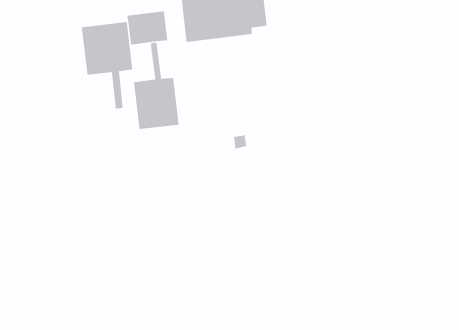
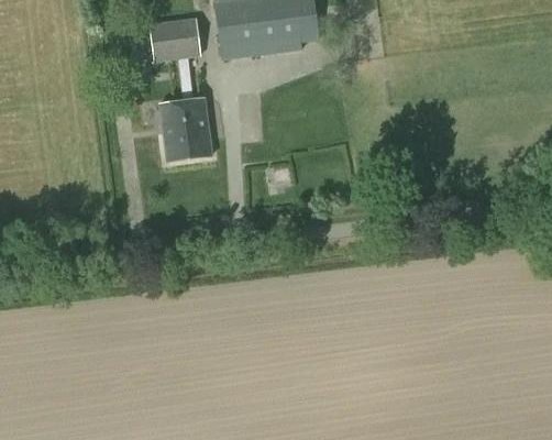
building: [81,21,133,110] -> none

